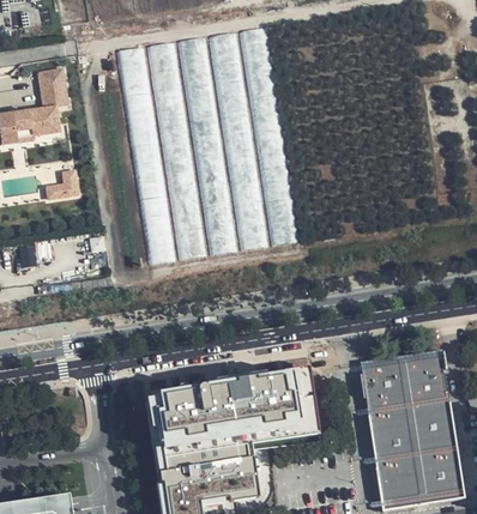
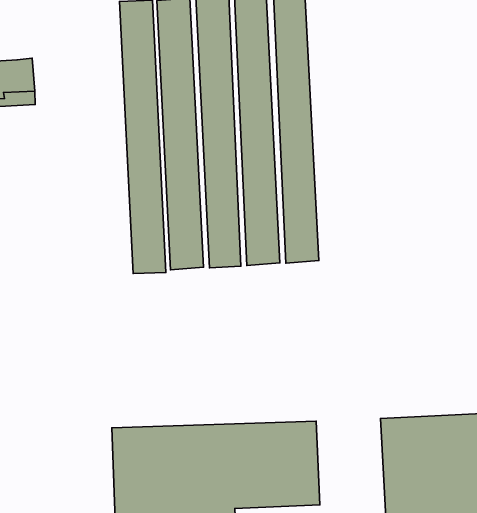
building: [34,67,65,104] -> none
building: [47,170,79,199] -> none

